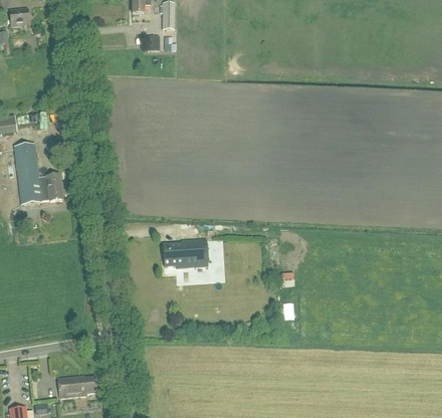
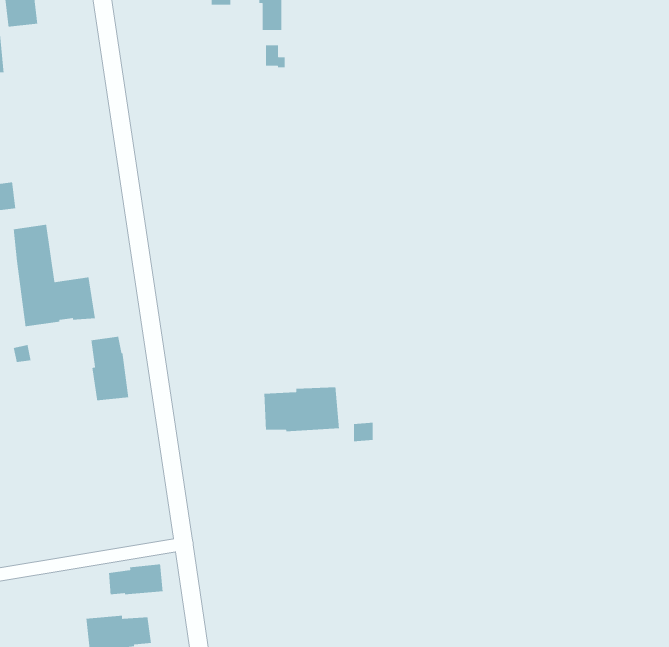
building: none -> [90,336,129,401]
building: none -> [108,563,164,595]

